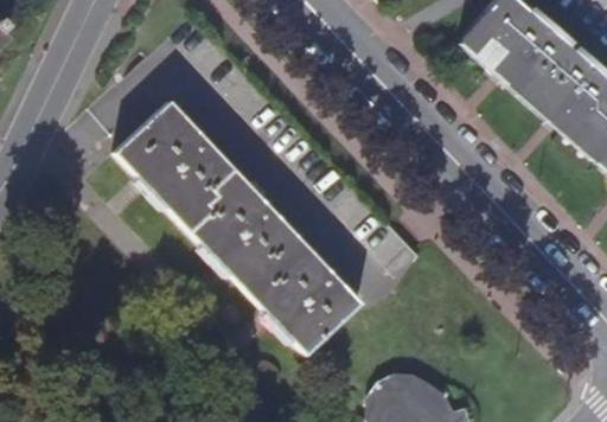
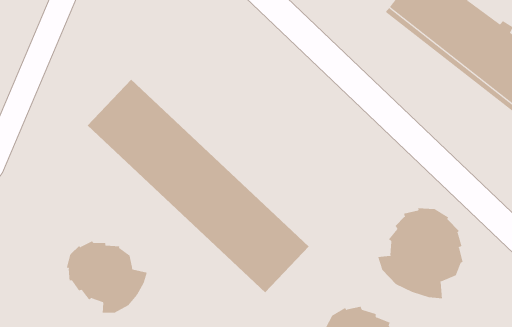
building: none -> [378,207,463,299]
building: none -> [66,241,147,314]

